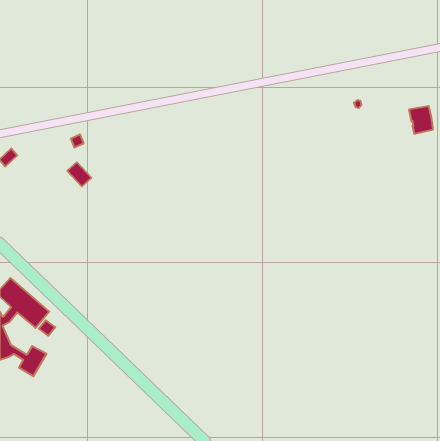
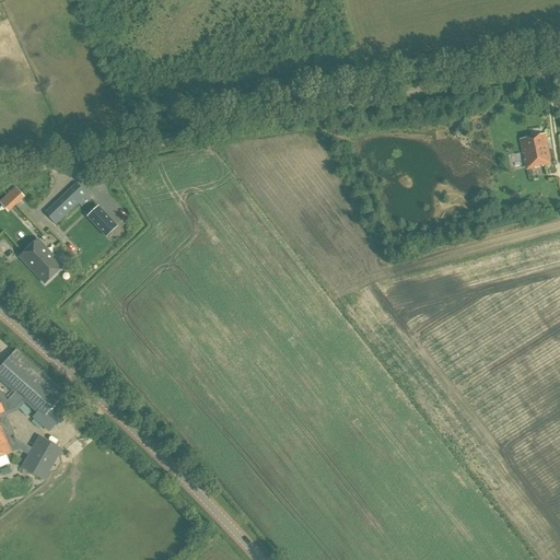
building: none -> [44,183,86,224]
building: none -> [18,240,61,283]

